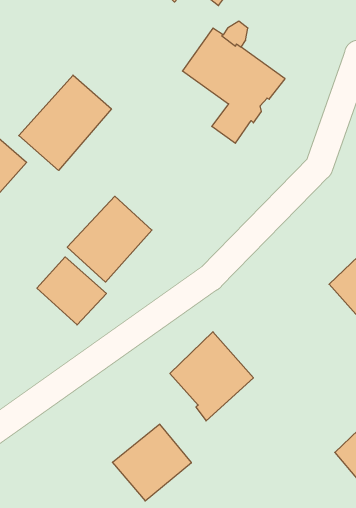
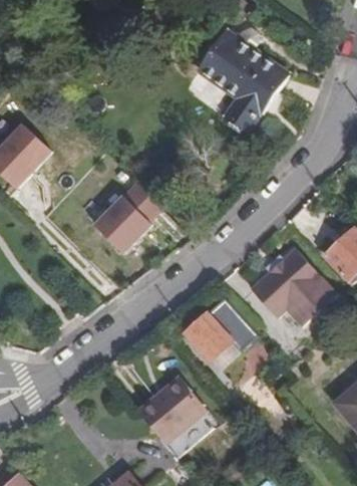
building: [19,75,111,170] -> none
building: [37,257,106,325] -> none
building: none -> [249,250,336,328]

